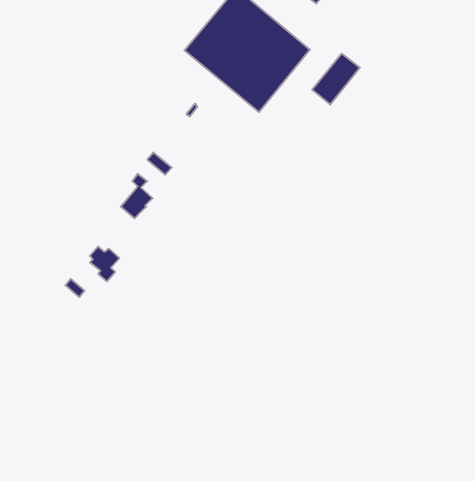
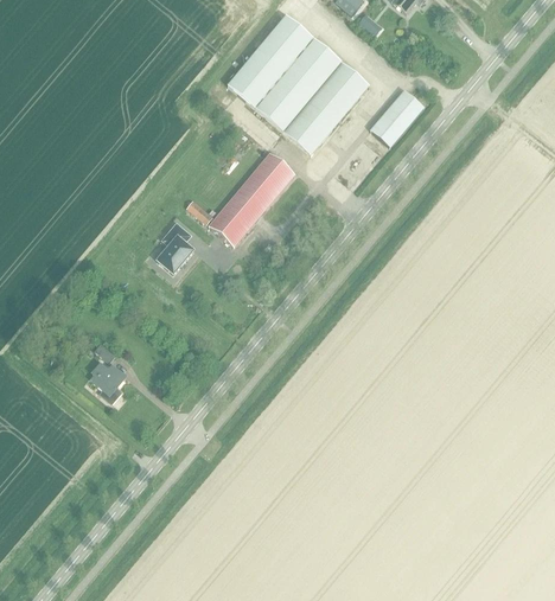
building: none -> [209,152,295,245]
building: [90,246,119,281] -> [91,362,125,401]

